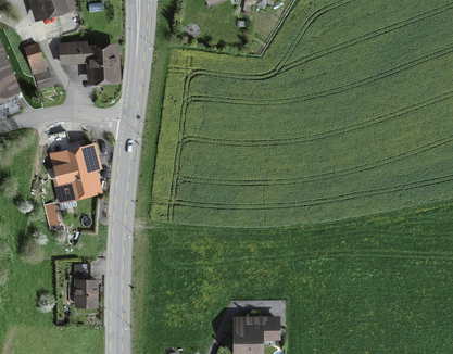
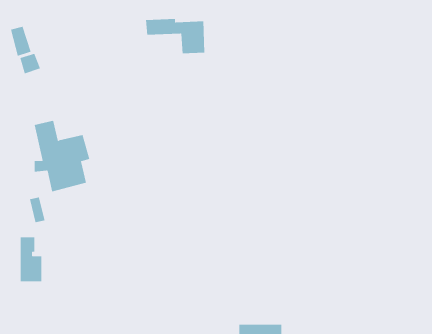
building: [60,47,115,79] -> [145,19,205,54]
building: [76,265,97,306] -> [20,237,42,282]

